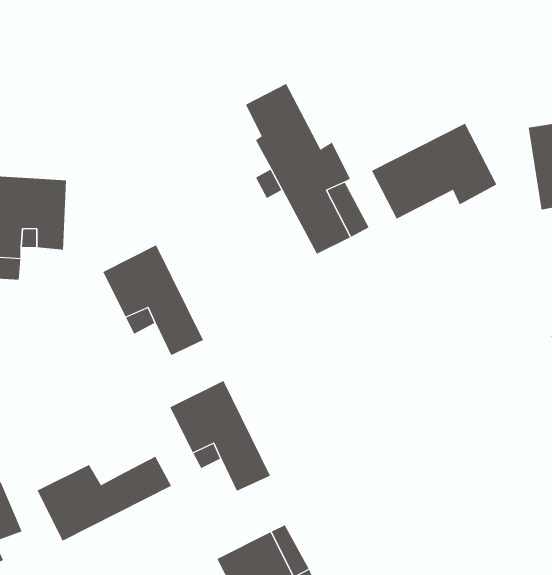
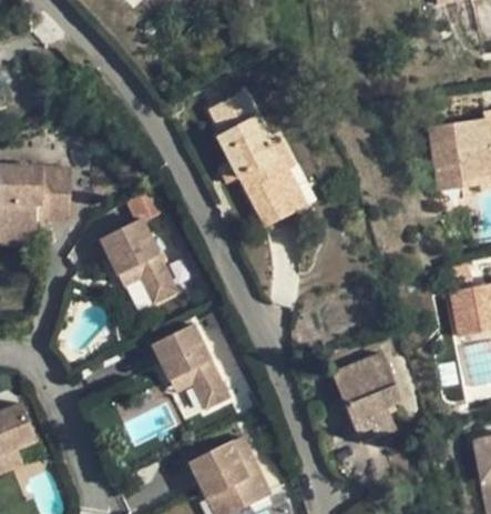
building: [371,123,497,220] -> none
building: none -> [330,351,400,433]
building: [37,456,172,542] -> none

